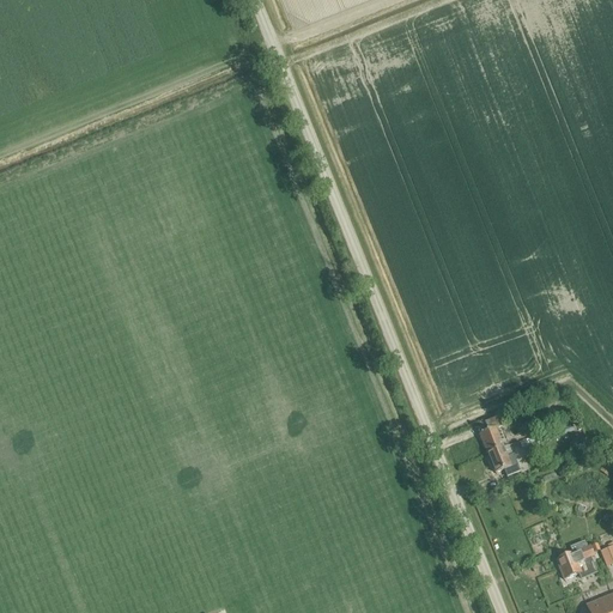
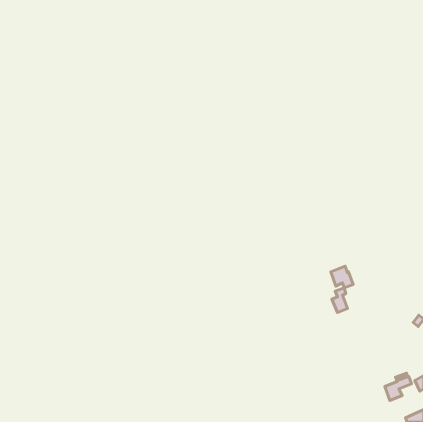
building: [488,443,521,474] -> [331,266,353,288]

